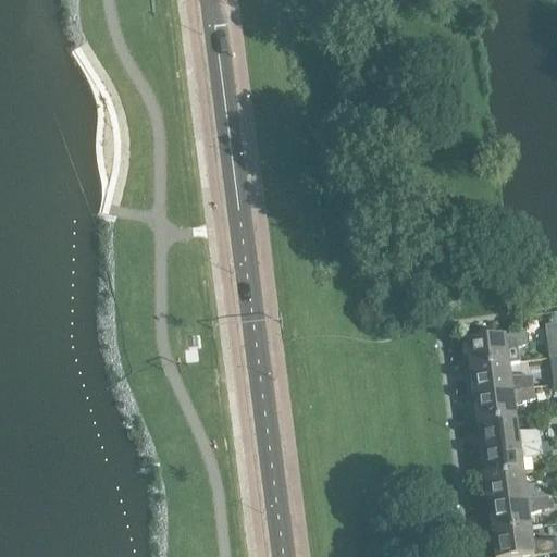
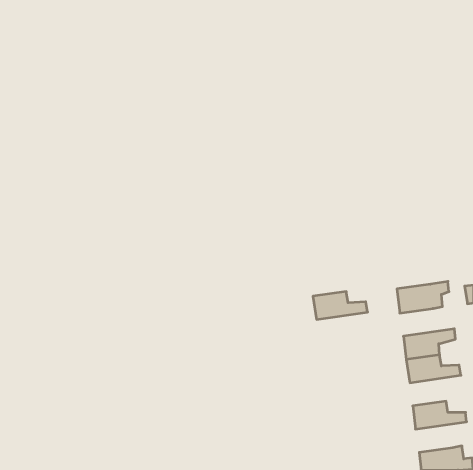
building: [470,361,534,394] -> [313,292,368,319]
building: [482,440,543,475] -> none
building: [488,494,550,530] -> none

